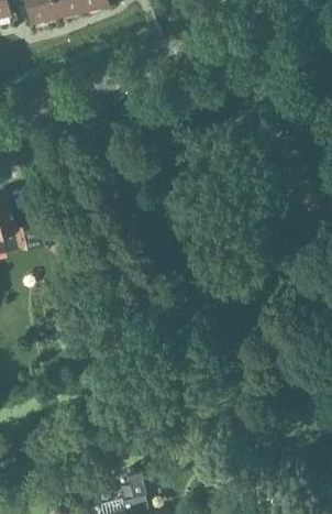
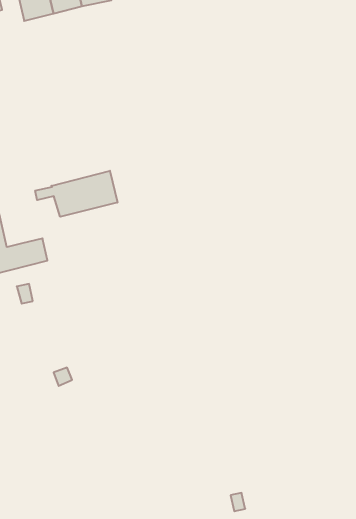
building: none -> [35,171,117,217]

